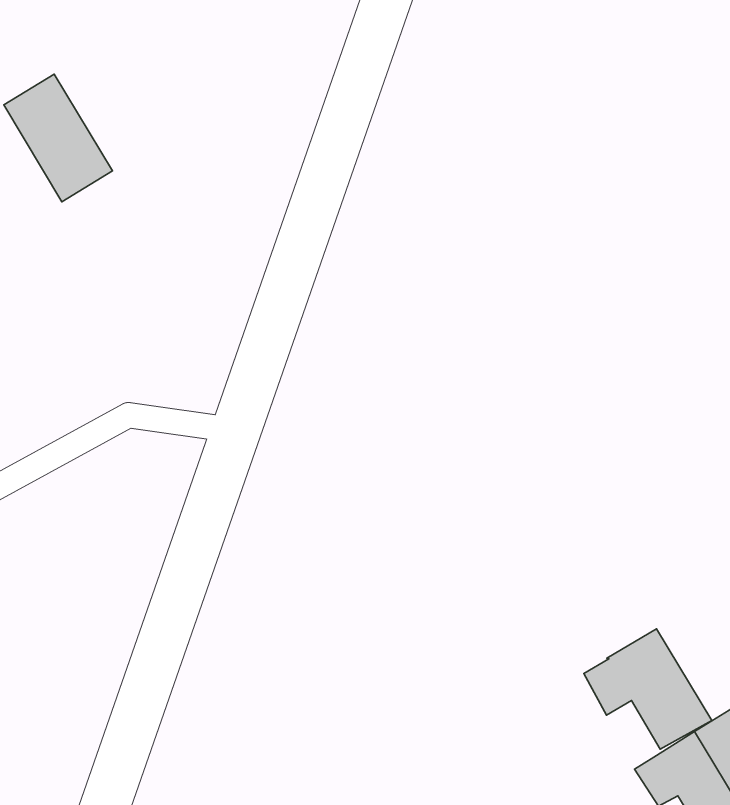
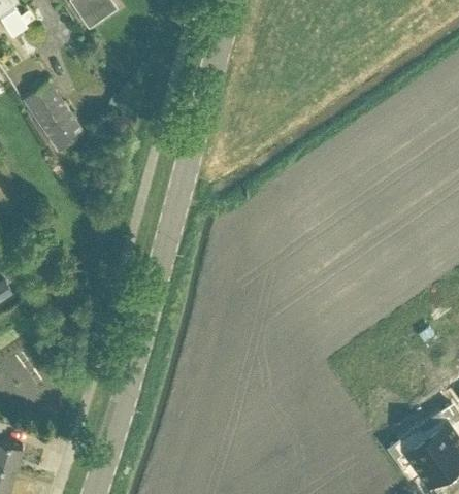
building: [584,629,712,749] -> none

